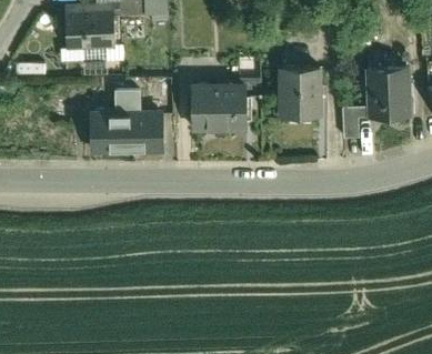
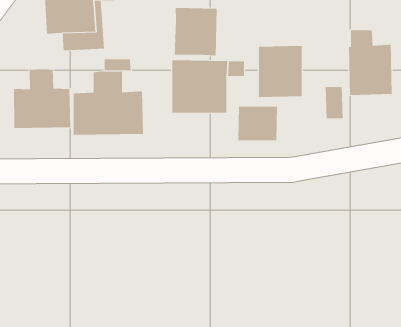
building: none -> [174,7,217,56]
building: none -> [14,69,71,129]
building: none -> [238,106,278,141]

